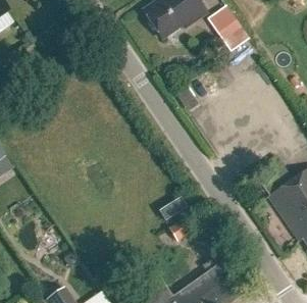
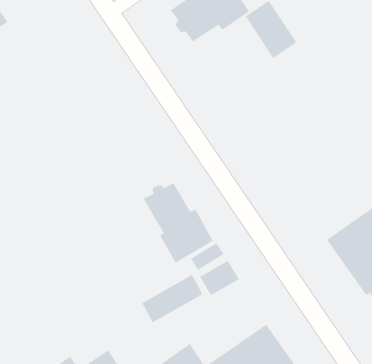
building: none -> [143,182,214,263]
building: none -> [141,274,203,323]

